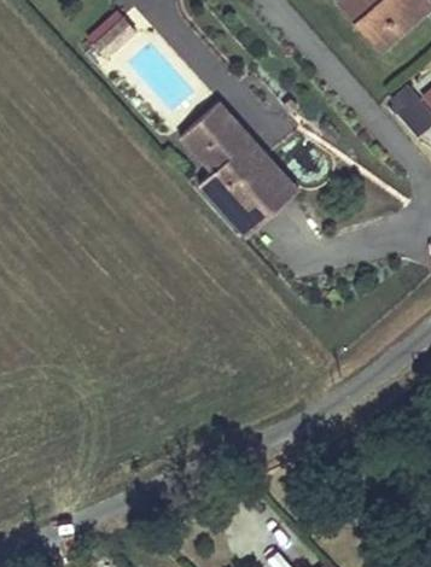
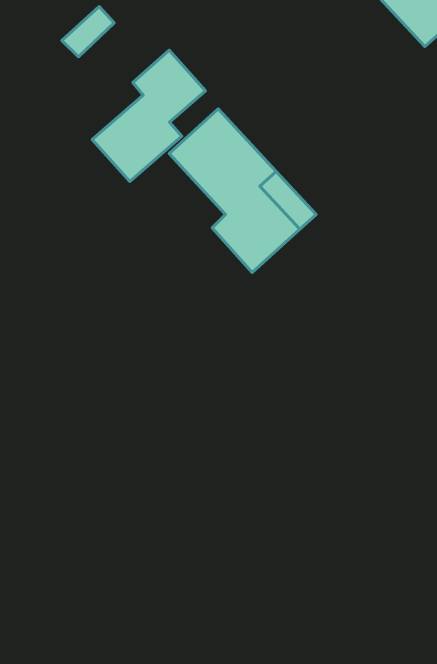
building: none -> [92,50,206,182]

